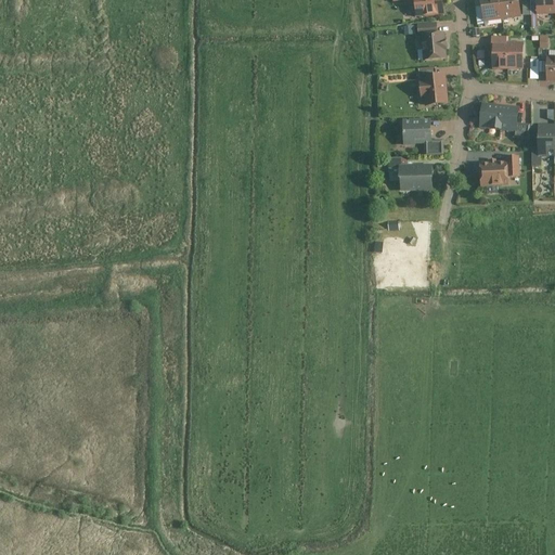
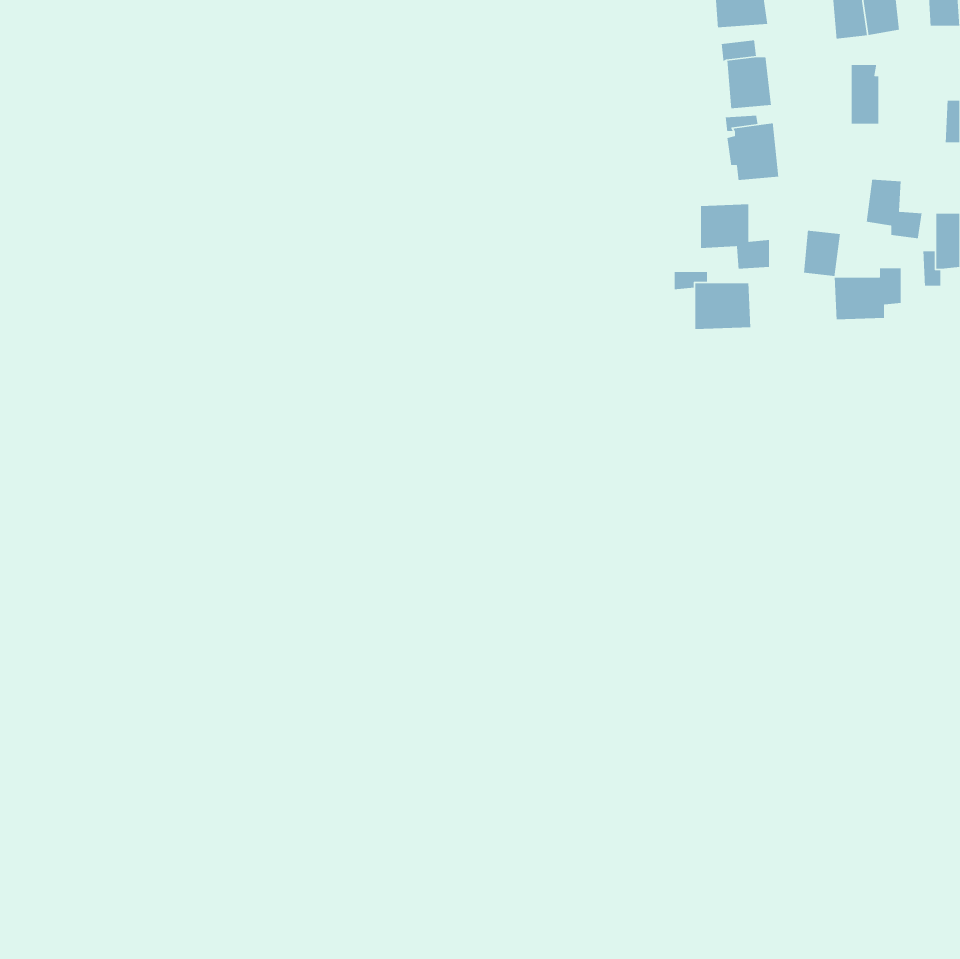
building: [506,43,521,72] -> none
building: [480,101,502,128] -> [803,230,841,277]

